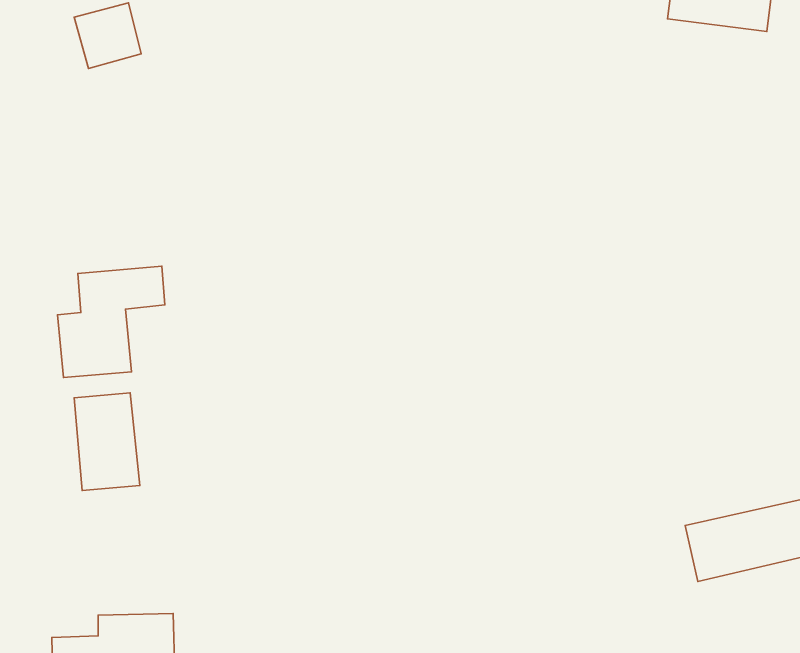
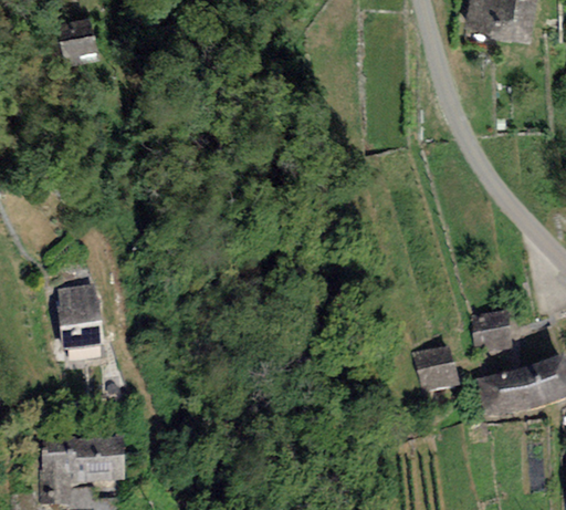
building: [58,266,165,378] -> none
building: none -> [472,312,512,353]
building: none -> [415,346,459,393]

